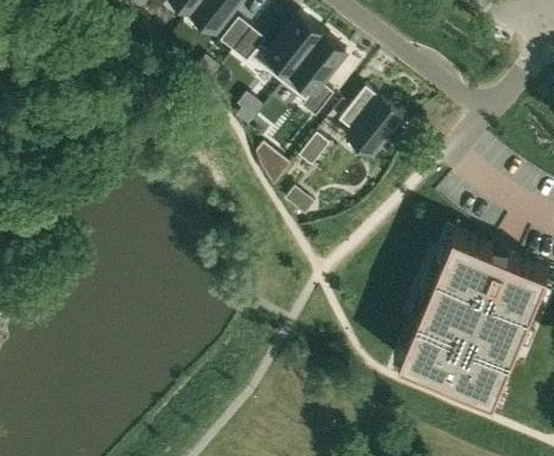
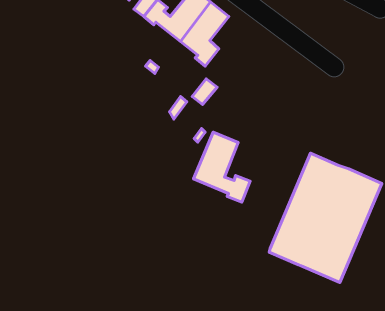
building: [339,86,403,156] -> none
building: none -> [193,132,250,202]

